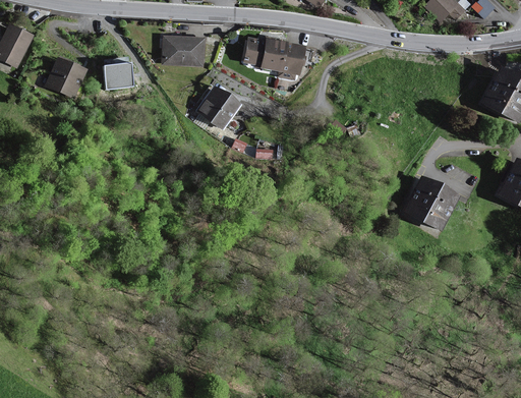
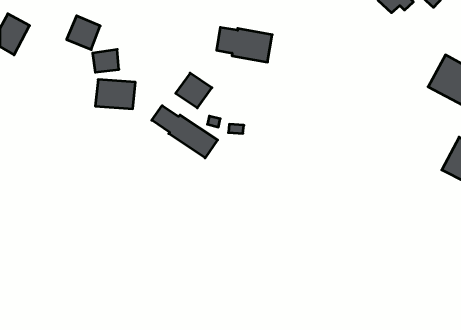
building: [161,35,206,67] -> [95,80,135,109]
building: [46,58,83,96] -> [67,16,100,50]
building: none -> [152,106,218,158]
building: [401,176,457,231] -> none

